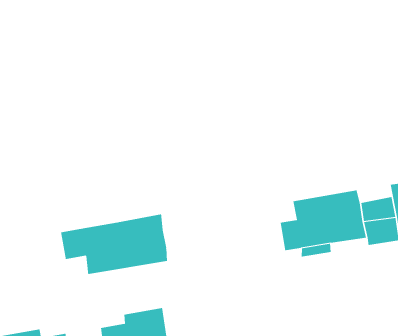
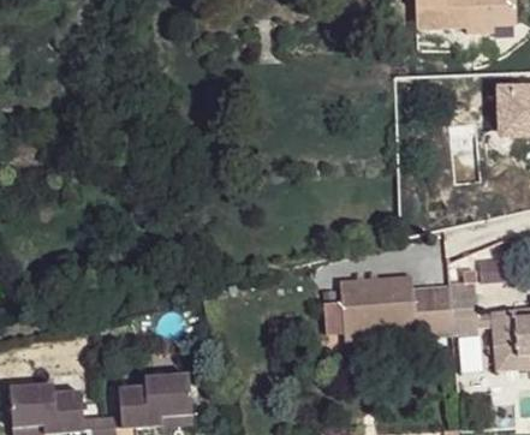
building: [61,214,168,275] -> none

